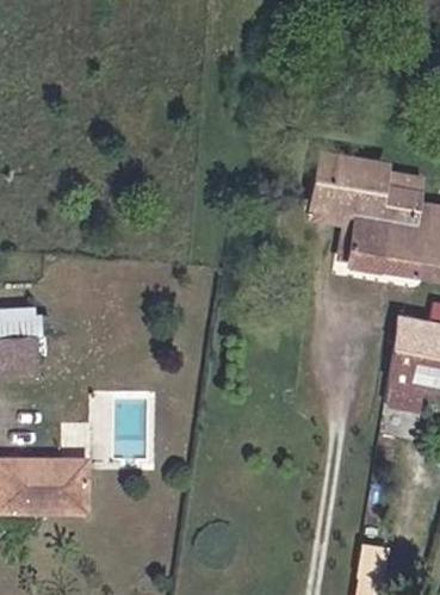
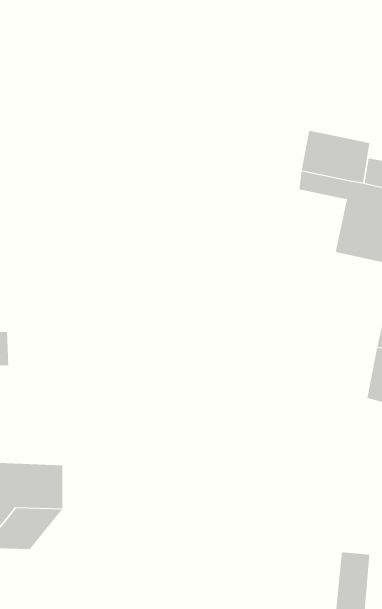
building: [314,197,362,256] -> none

